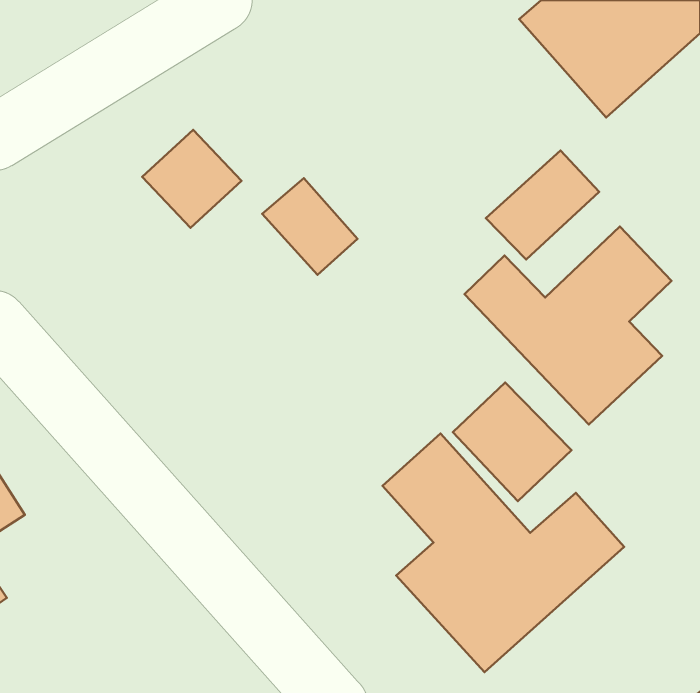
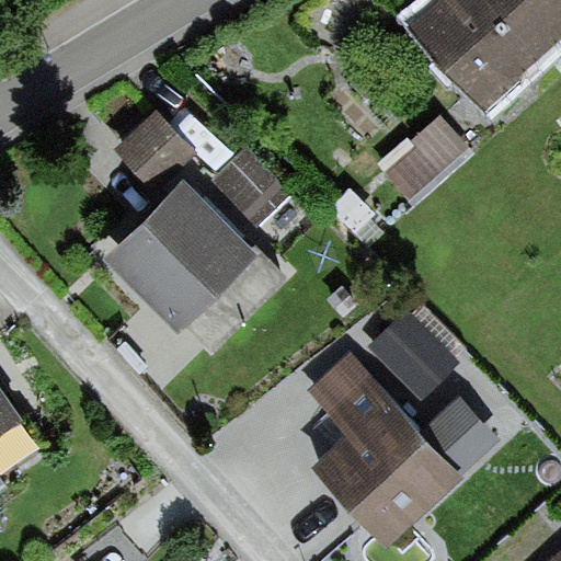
building: none -> [99,171,285,350]
building: [465,227,671,425] -> none

